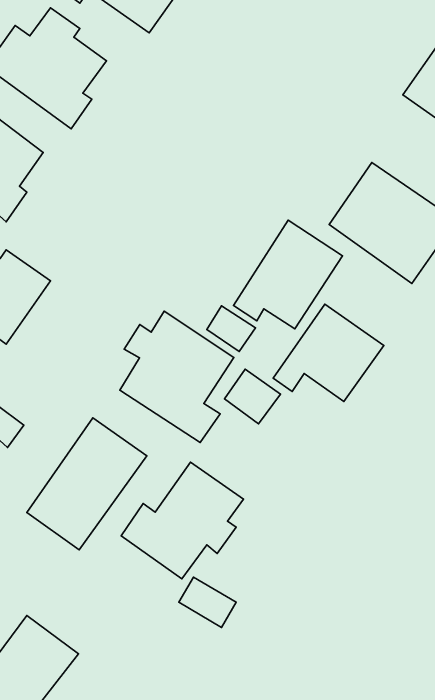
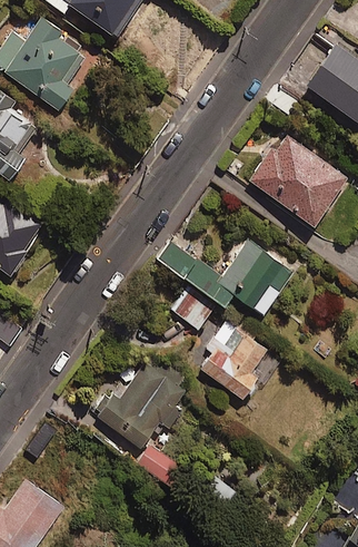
building: [234,220,343,329] -> none
building: [120,311,234,443] -> none
building: none -> [196,321,268,399]
building: [27,418,147,550] -> none

